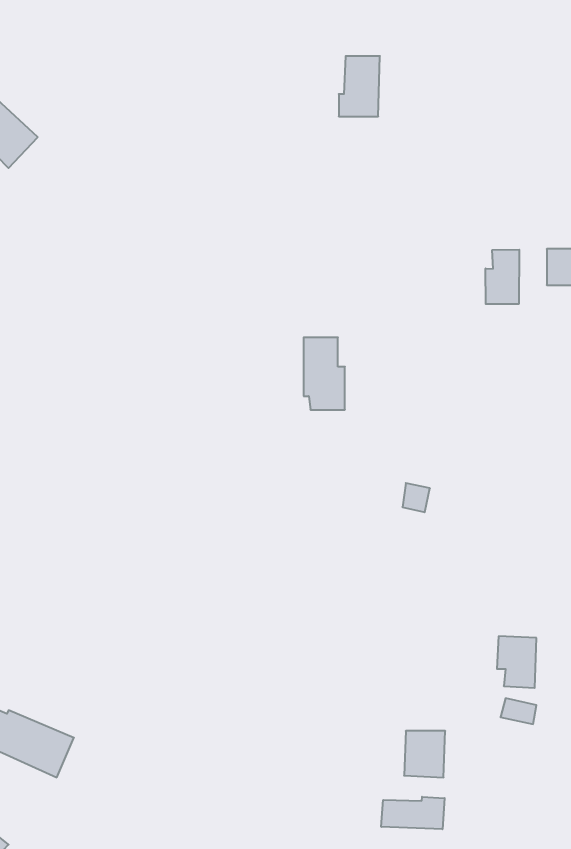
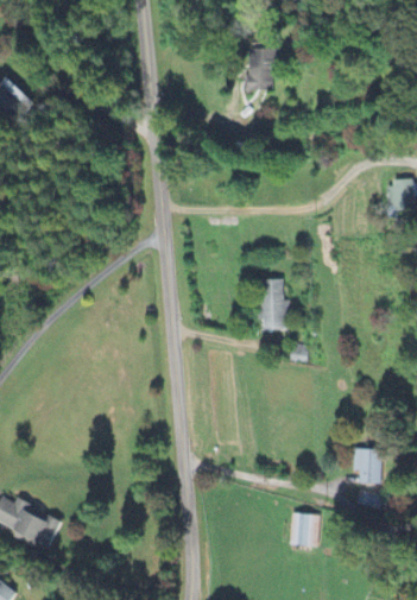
building: [486,250,519,304] -> none
building: [304,337,345,410] -> [259,280,288,330]
building: [381,797,445,829] -> none

